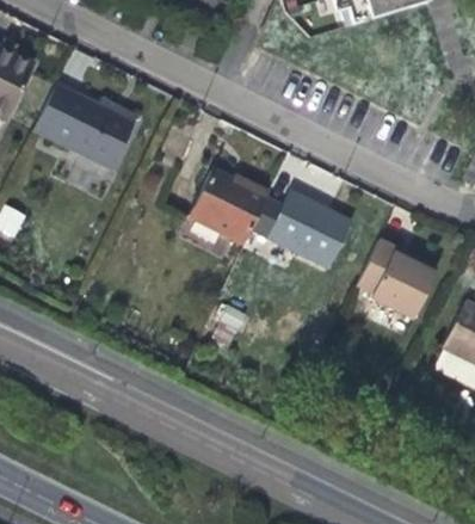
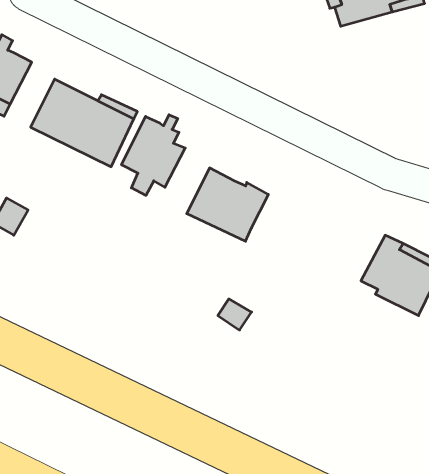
building: none -> [122,115,185,195]
building: [251,190,350,267] -> none

